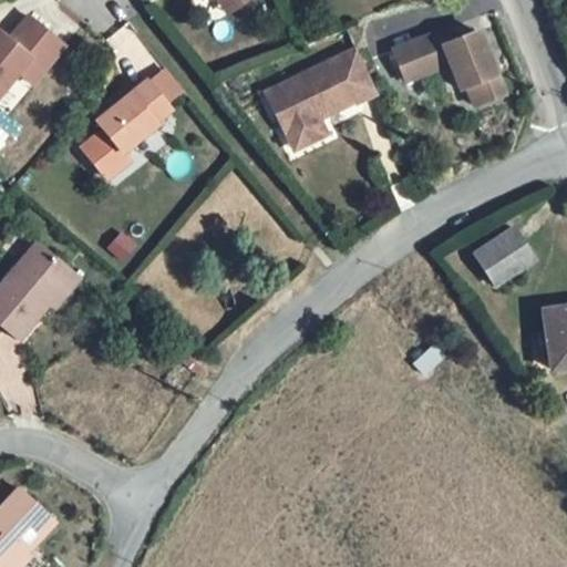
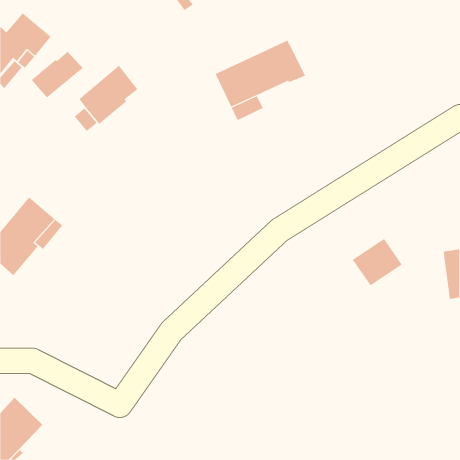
building: [392,27,502,106] -> none
building: none -> [31,51,83,98]
building: [474,226,536,285] -> [352,238,403,286]

